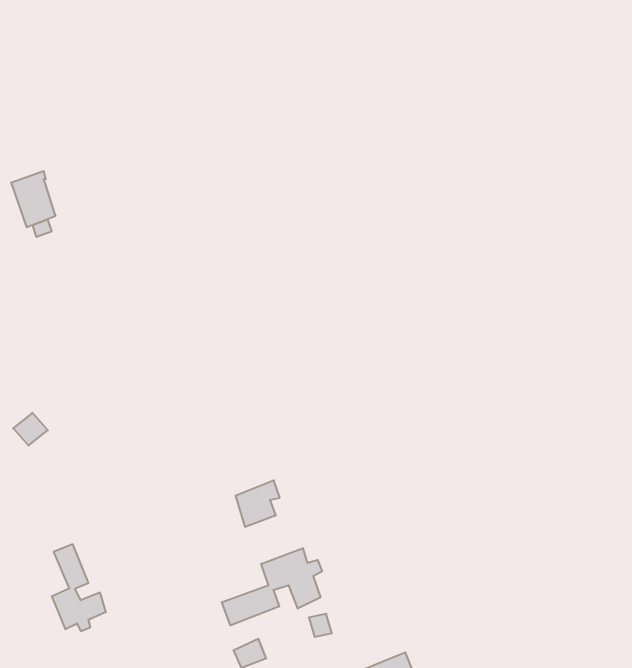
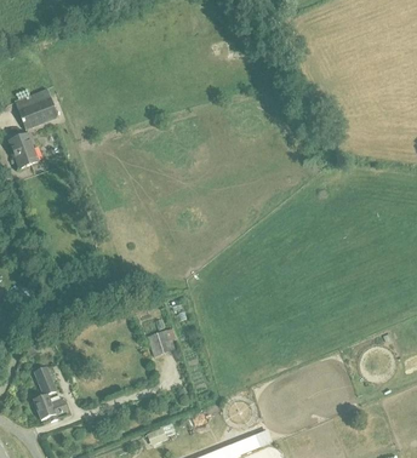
building: none -> [13,88,56,127]
building: [222,548,322,625] -> none

